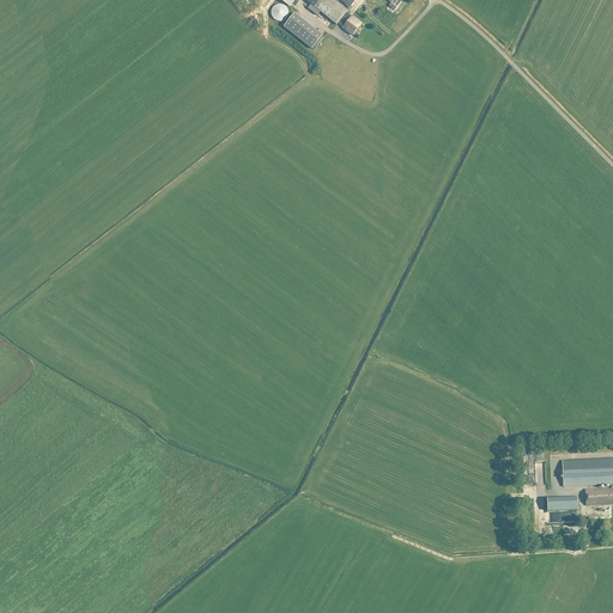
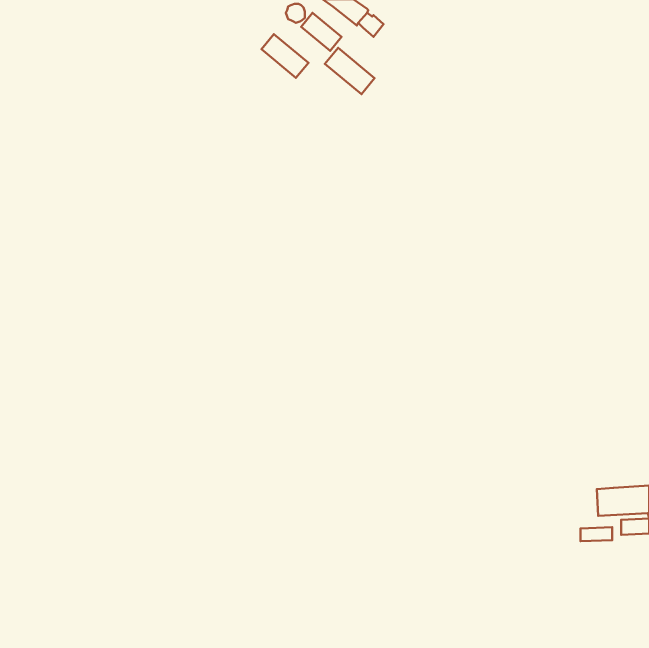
building: none -> [261,34,308,78]
building: none -> [325,48,375,94]

